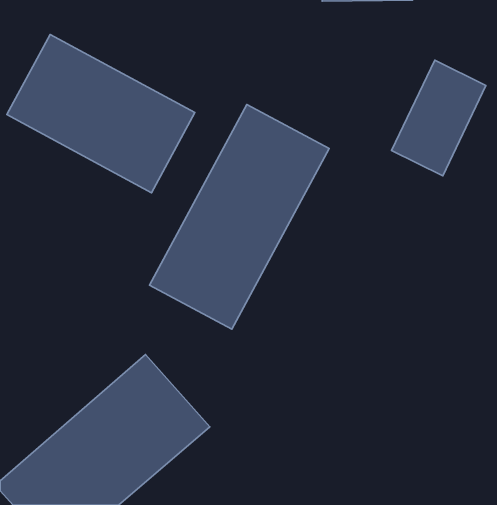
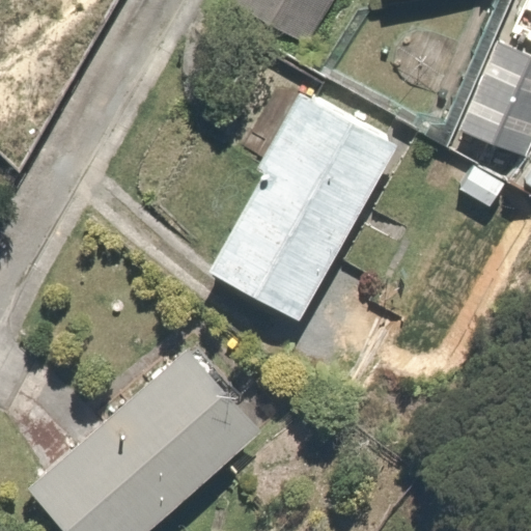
building: [7,34,195,193] -> none

